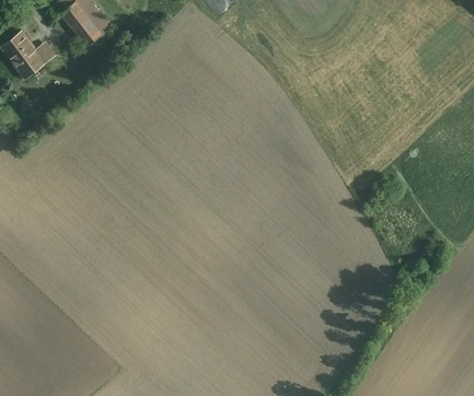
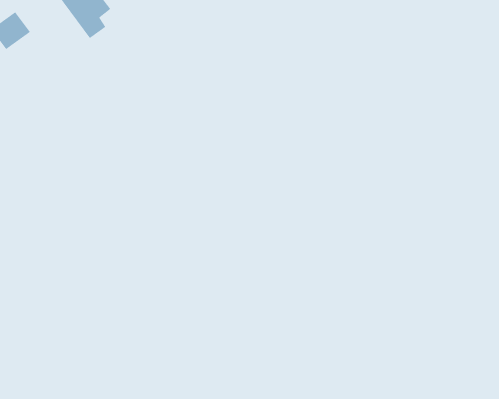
building: [14,48,47,79] -> none

